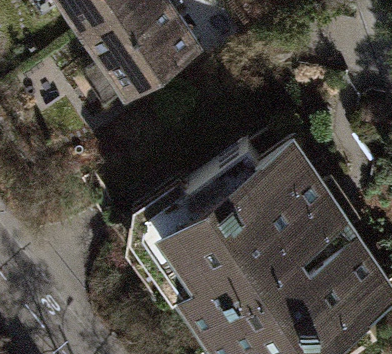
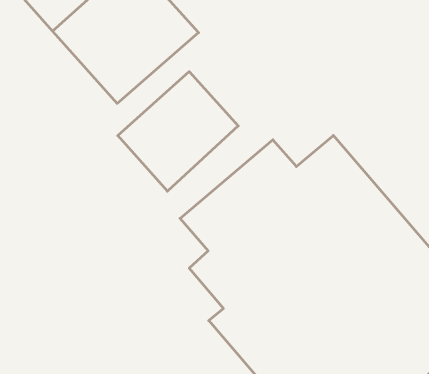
building: none -> [118,72,238,191]

